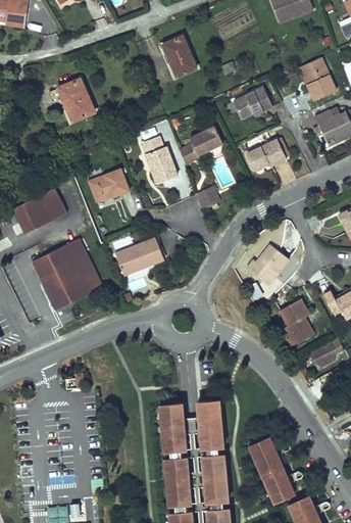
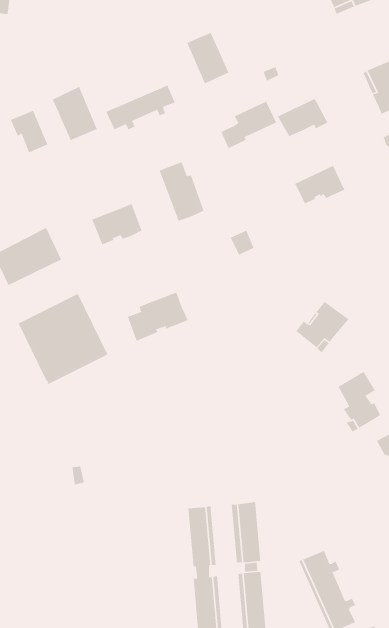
building: none -> [105,85,176,131]
building: none -> [10,110,48,154]
building: [179,126,222,163] -> [220,101,277,149]

